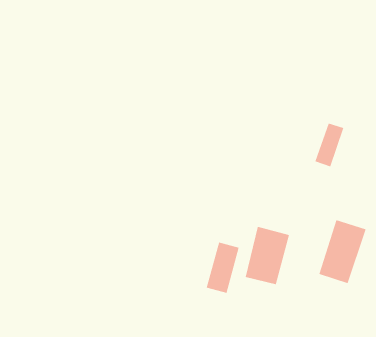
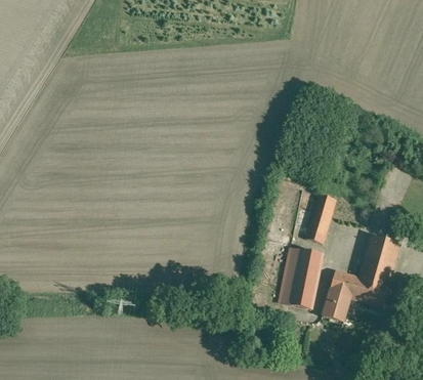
building: [315,123,344,167] -> [305,191,337,238]
building: [206,242,240,294] -> [320,269,355,325]

